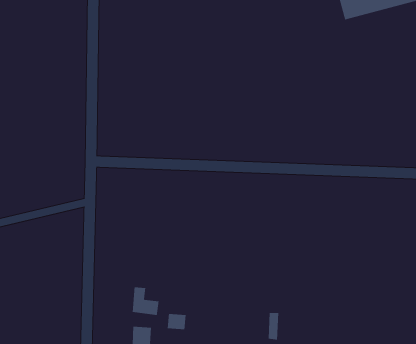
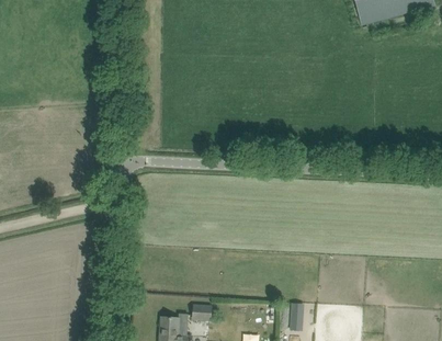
building: [132,287,159,316] -> none

